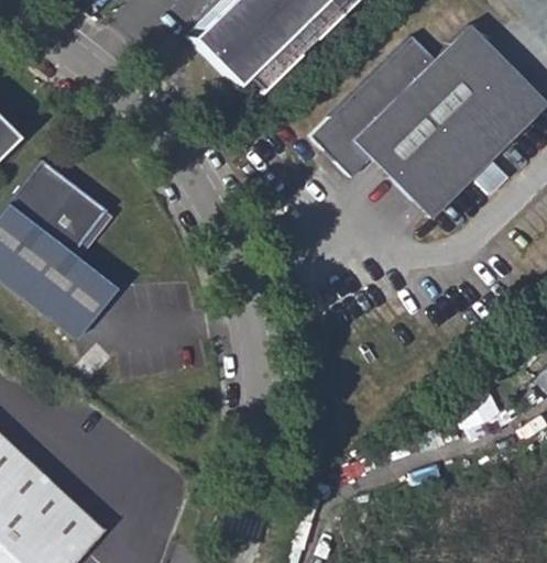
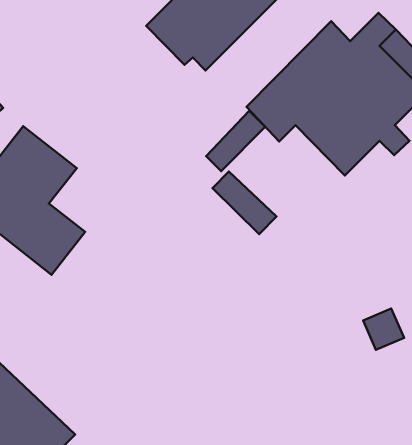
building: none -> [206,111,265,171]
building: none -> [213,172,276,234]

